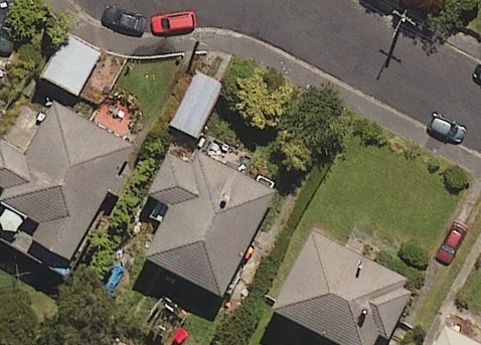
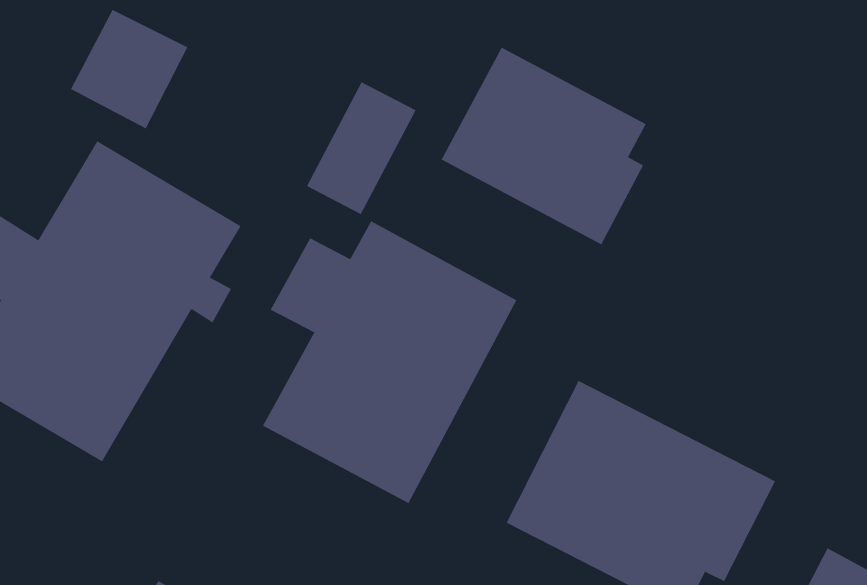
building: none -> [441,47,647,245]

